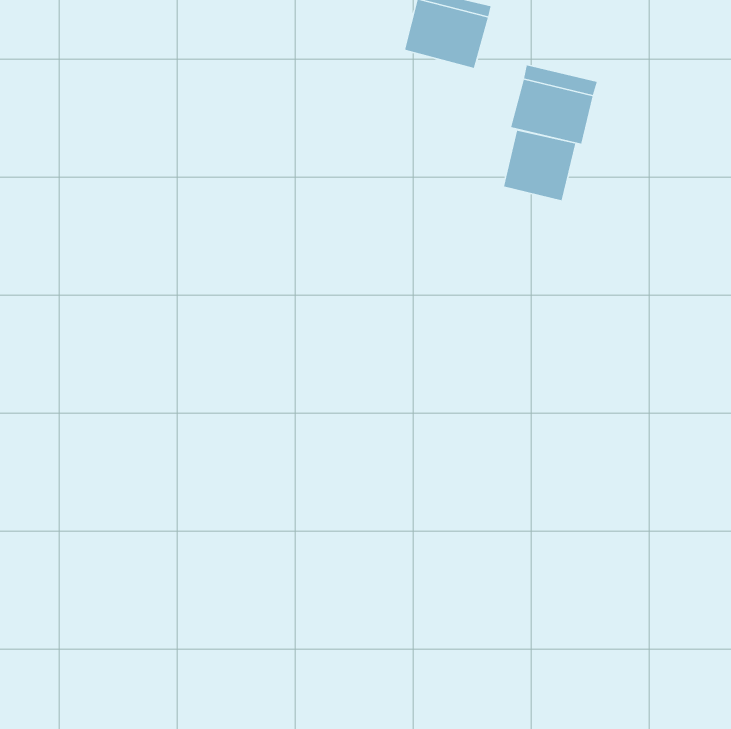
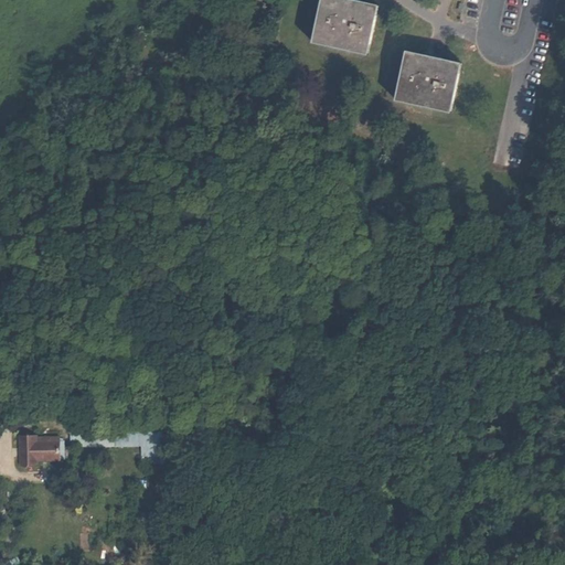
building: [503,130,576,201] -> none
building: none -> [20,437,58,461]

